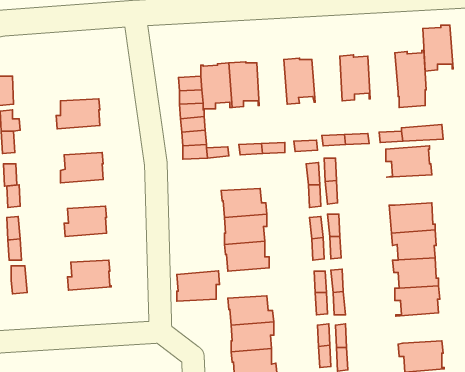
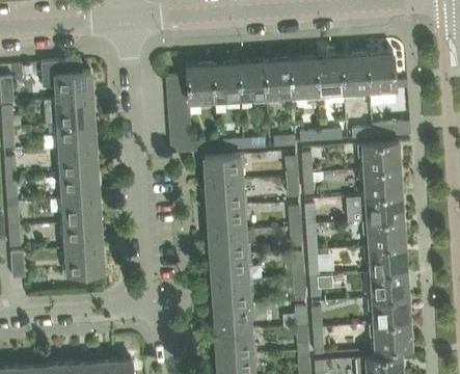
building: [423,25,453,71] -> [342,55,370,98]
building: none -> [290,58,318,101]
building: none -> [40,60,92,100]
building: none -> [239,61,267,104]
building: none -> [54,123,96,150]
building: none -> [205,155,245,183]
building: none -> [359,168,402,196]
building: none -> [57,172,99,199]
building: none -> [61,222,102,249]
building: [177,271,220,301] -> [212,255,251,283]
building: none -> [368,296,410,324]

